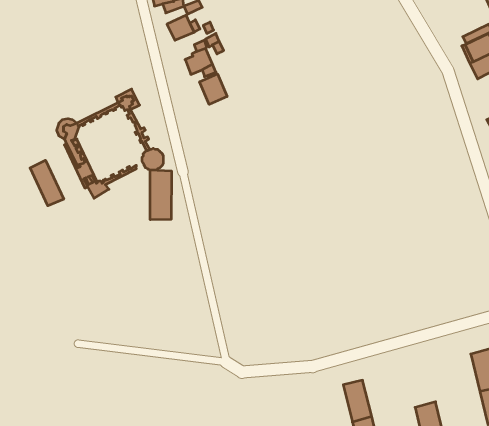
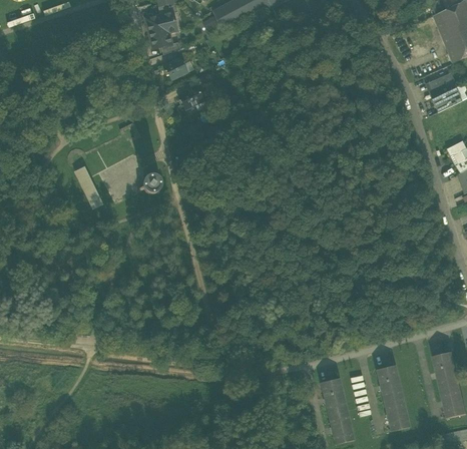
building: [200,74,227,104] -> none
building: [30,160,64,206] -> none
building: [150,170,171,220] -> none
building: none -> [375,364,401,402]

